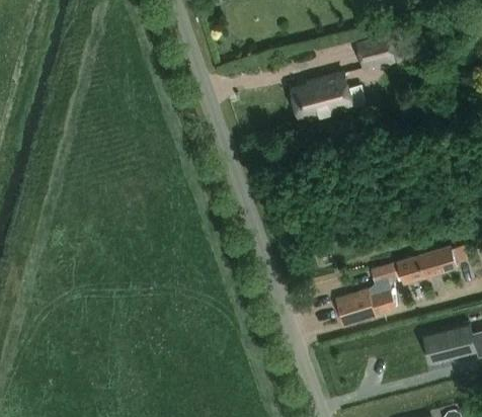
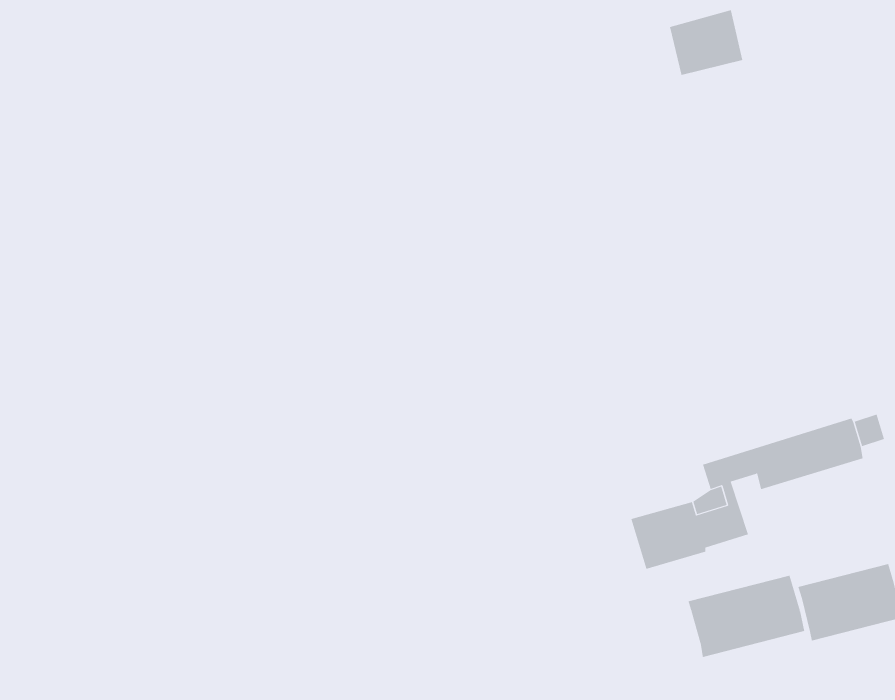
building: [290,71,351,120] -> none
building: none -> [688,575,805,658]

